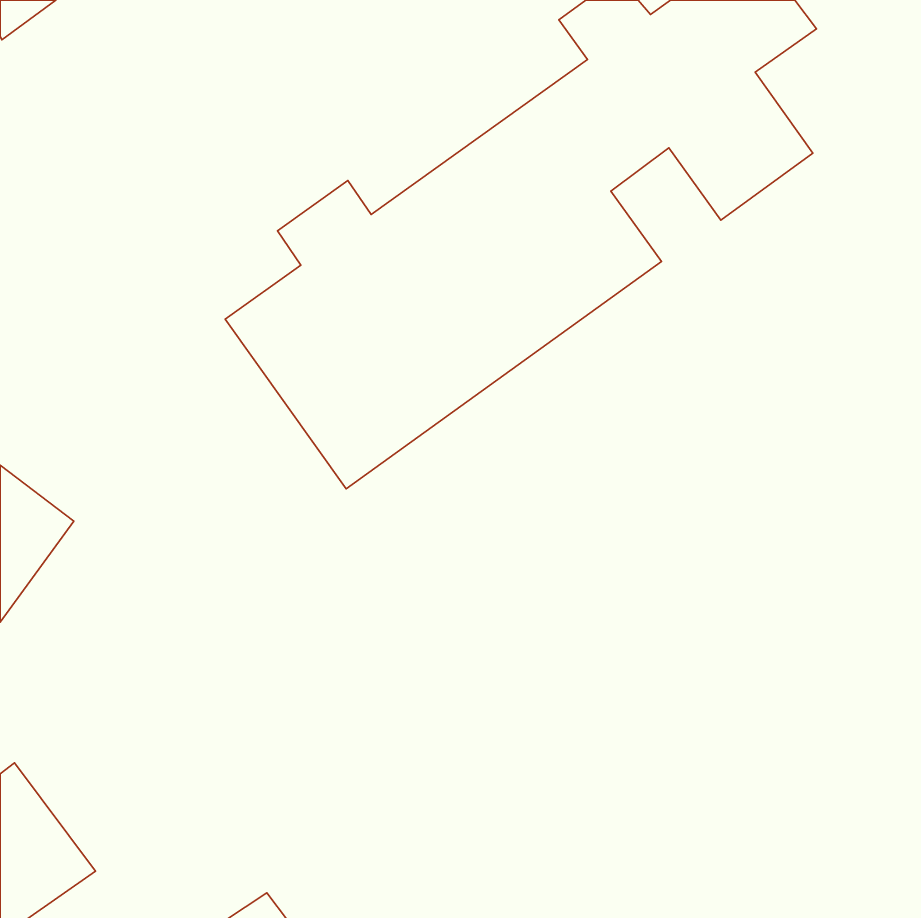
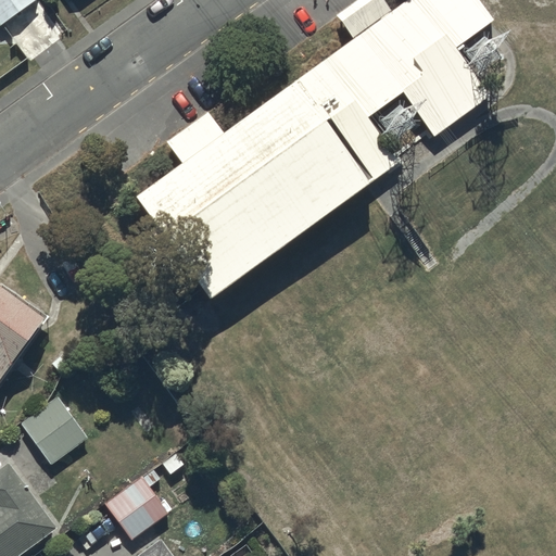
building: none -> [22,397,87,465]
building: none -> [106,469,169,541]

